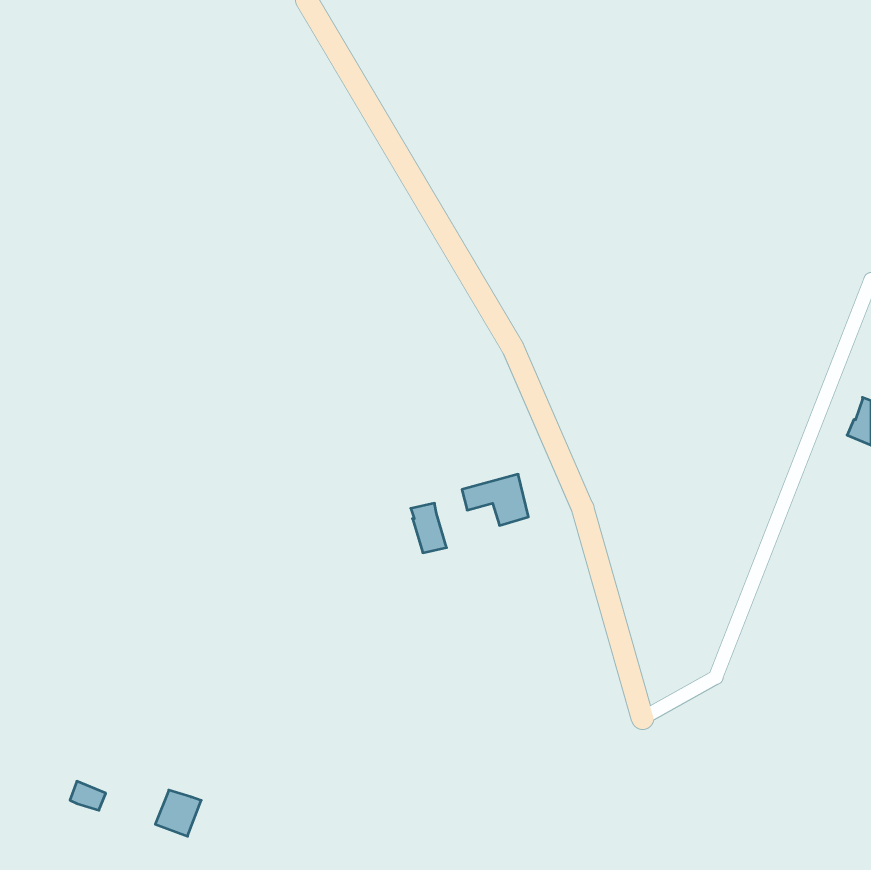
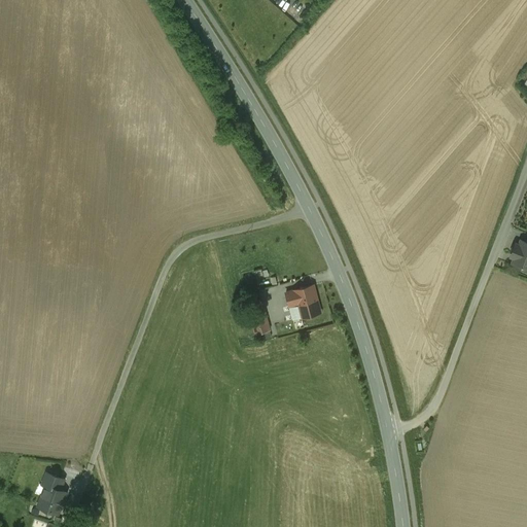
building: [155,790,201,836] -> [38,486,66,514]

